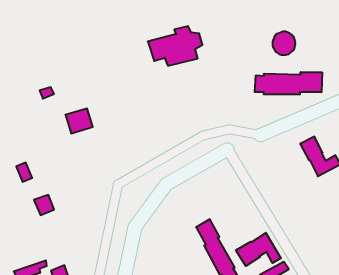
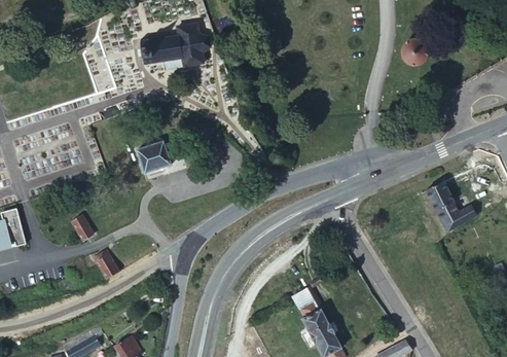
building: [148,26,203,66] -> [135,26,205,76]
building: [255,72,322,94] -> none
building: [236,233,281,266] -> none

